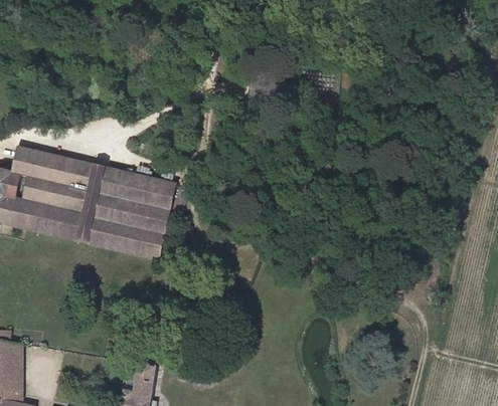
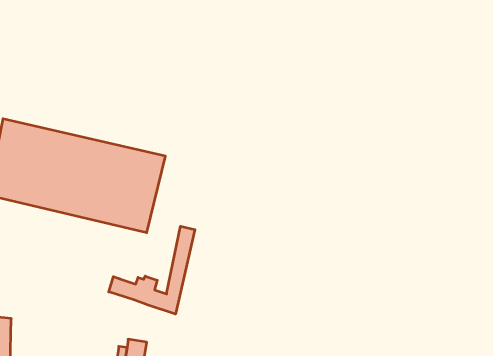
building: none -> [109,226,195,314]

